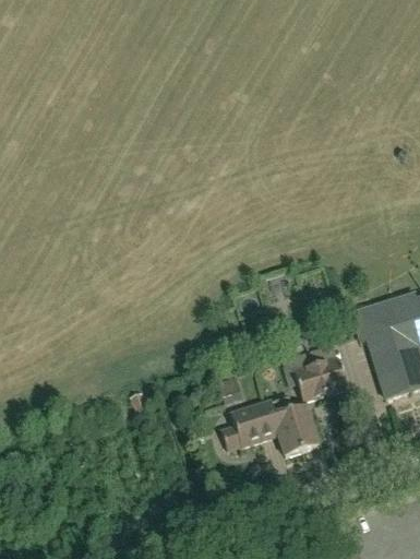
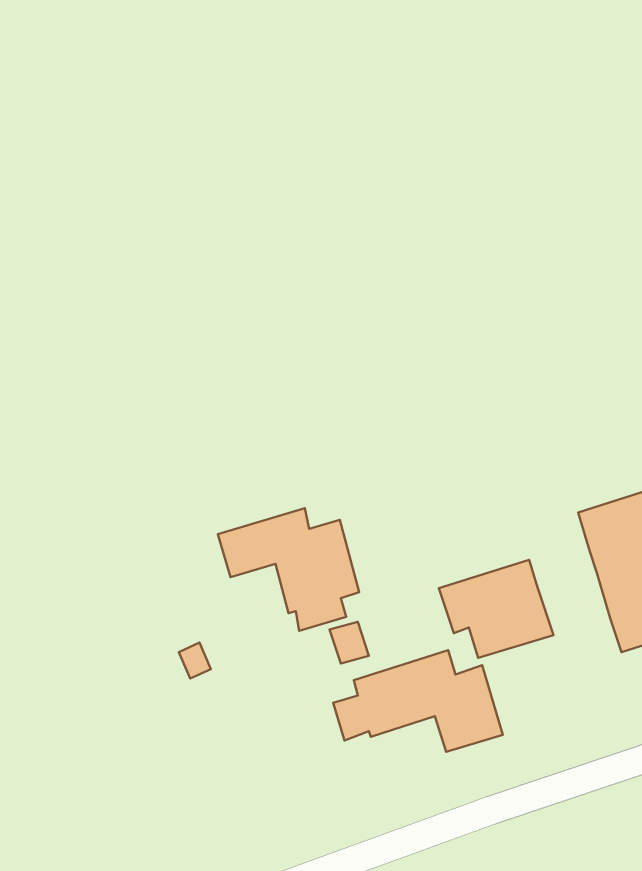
building: none -> [218,508,359,631]

